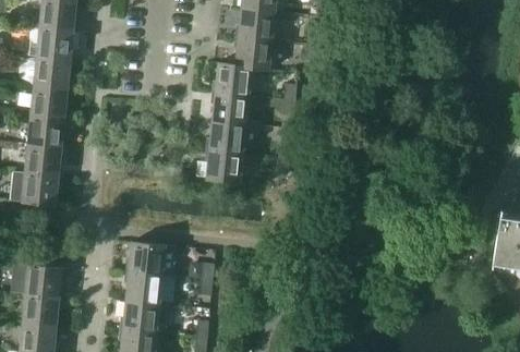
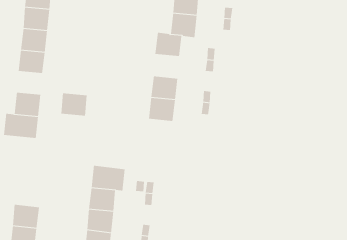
building: [213,92,249,124] -> none
building: [28,114,64,146] -> [61,93,87,116]
building: [25,264,69,298] -> none

